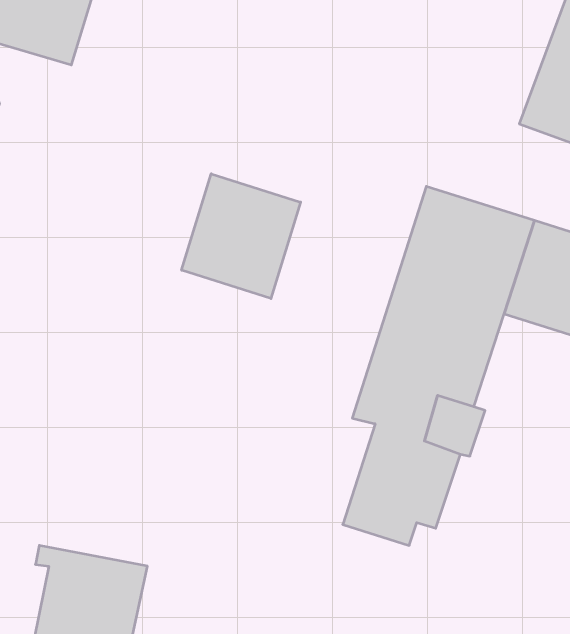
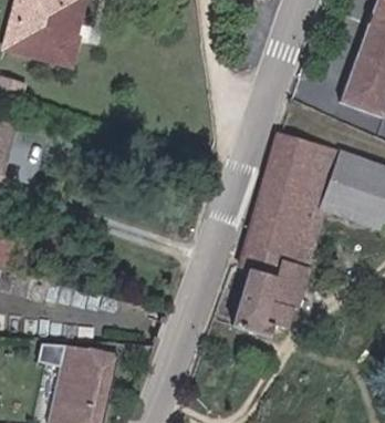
building: [182,174,301,299] -> none

